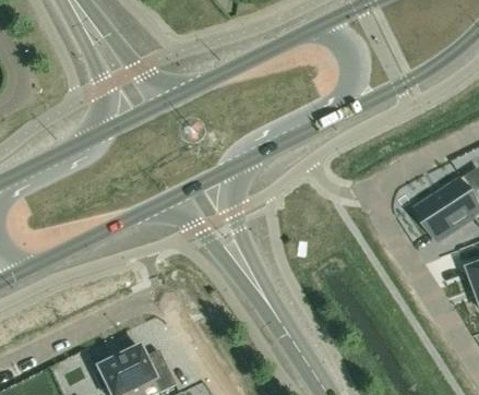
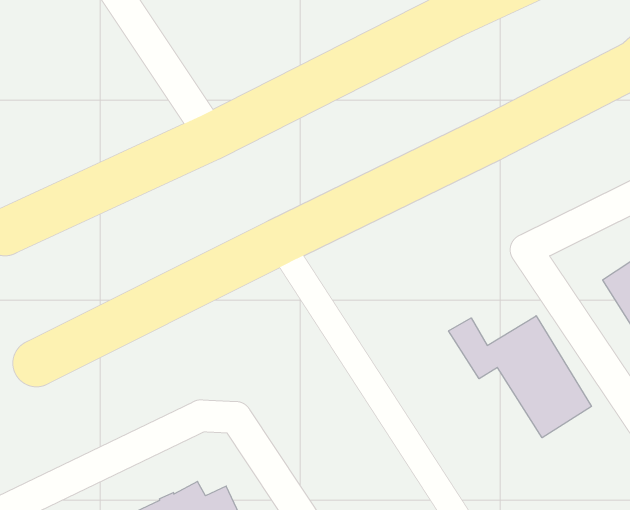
building: none -> [449,316,591,438]

